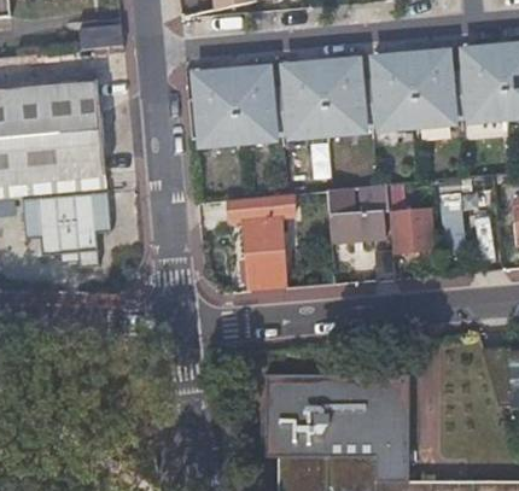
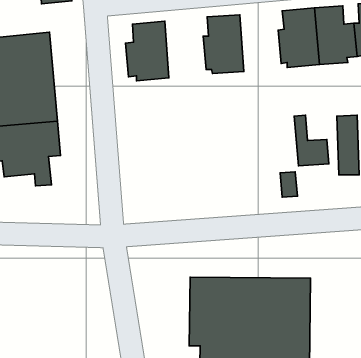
building: [325,60,374,131] -> none
building: [235,69,285,139] -> none
building: [327,185,387,239] -> none
building: [229,193,285,287] -> none

